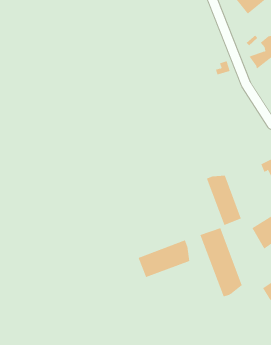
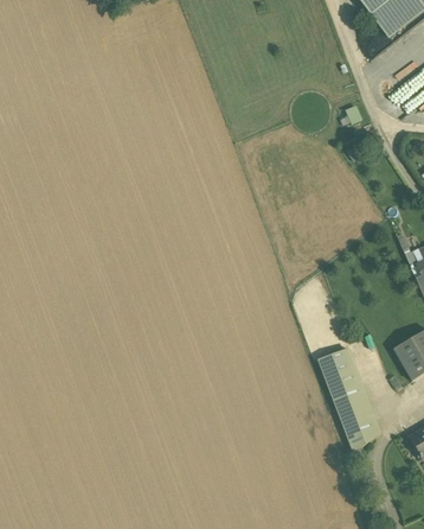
building: [206,175,241,226] -> none
building: [138,240,190,278] -> none

